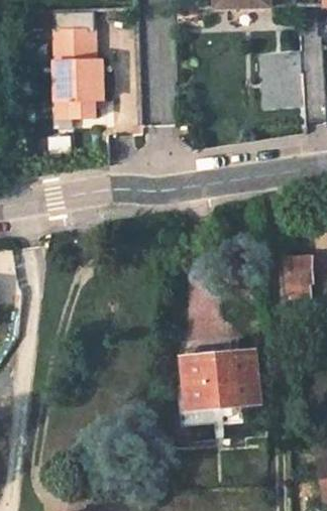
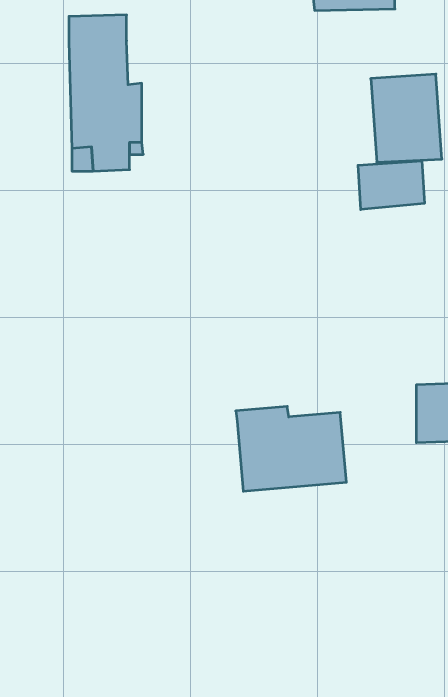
building: none -> [358,161,424,210]
building: [183,349,256,405] -> [236,406,346,491]

